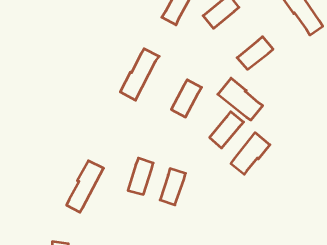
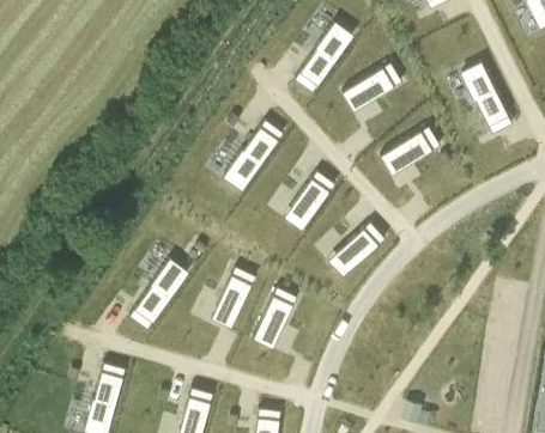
building: [218,78,263,120] -> none
building: [231,133,270,174] -> none

